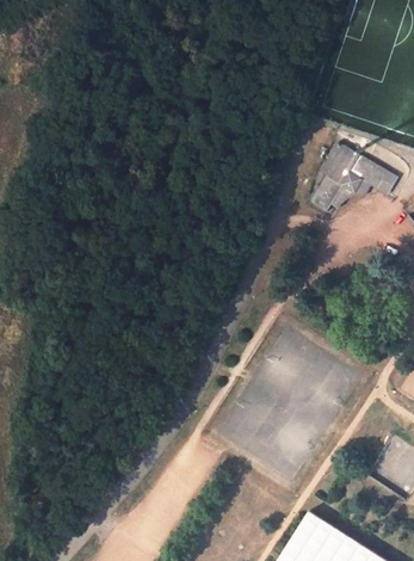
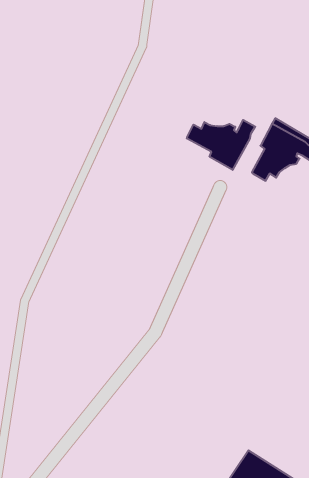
building: none -> [187,120,255,170]

